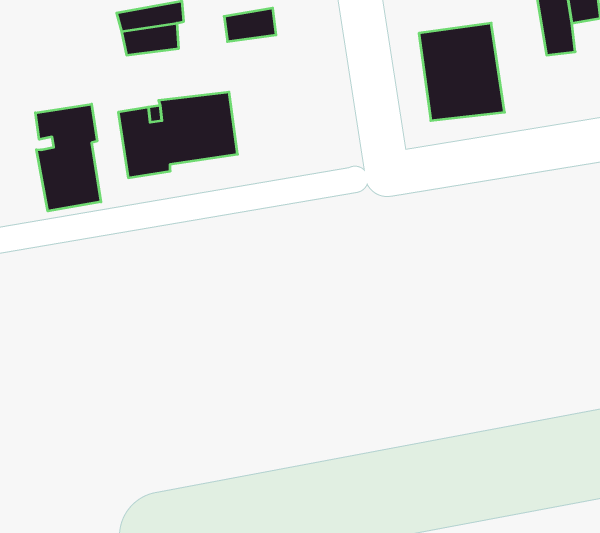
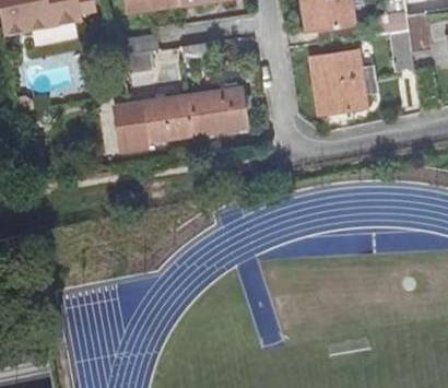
building: none -> [188,86,248,136]
building: [35,104,101,211] -> none

